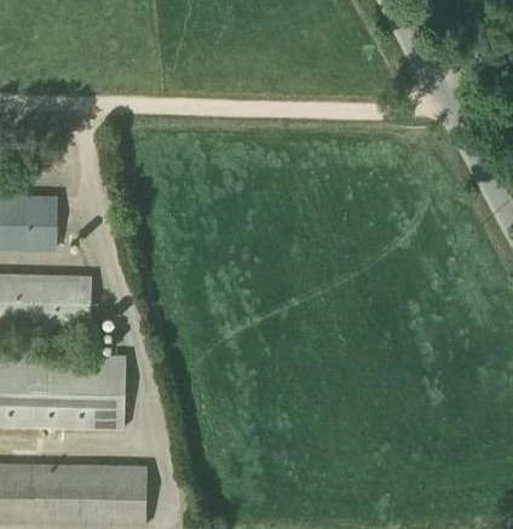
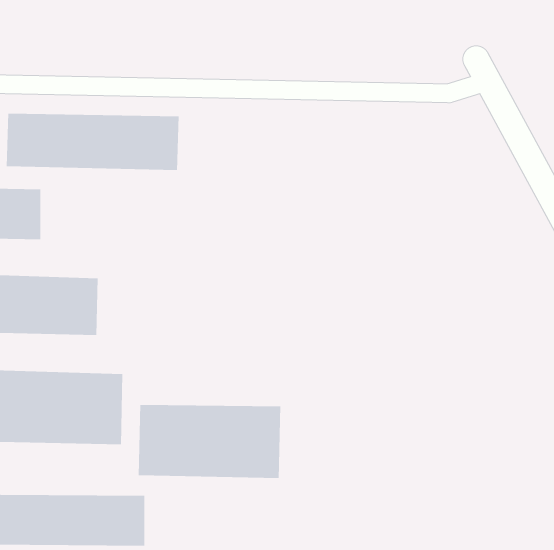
building: none -> [6,113,179,171]
building: none -> [138,404,281,479]

